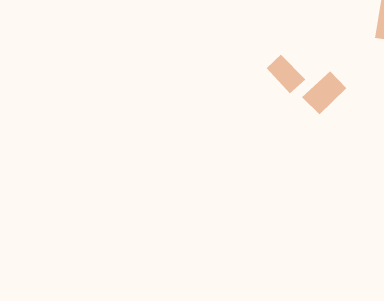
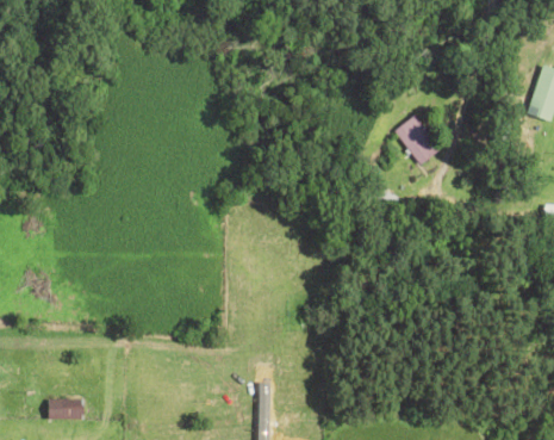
building: [301,70,347,115] -> none

